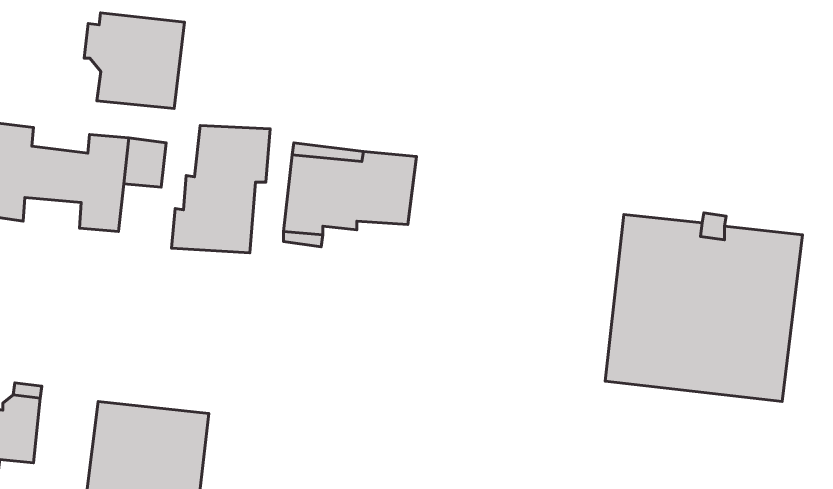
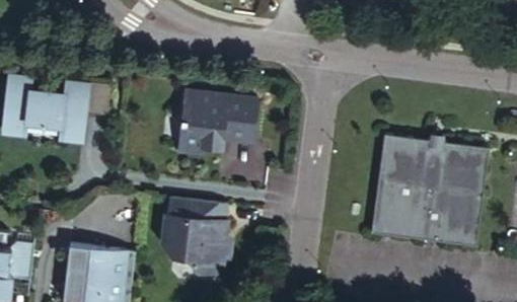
building: [84,13,184,108] -> none
building: [172,125,270,253] -> none
building: none -> [161,198,231,274]

